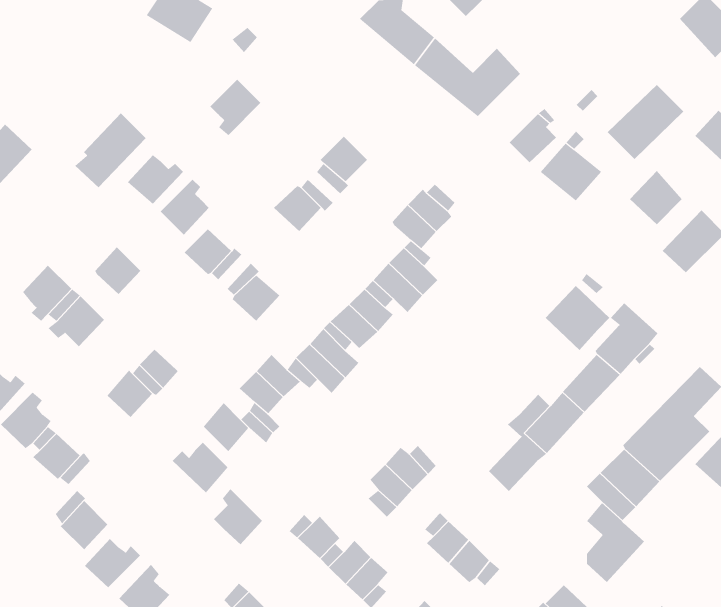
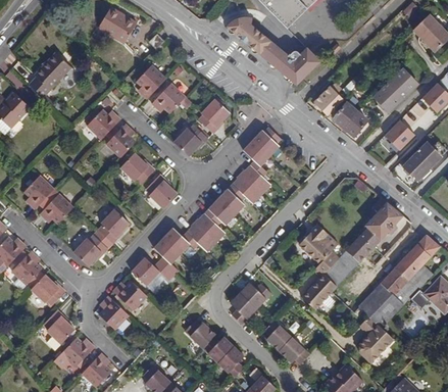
building: none -> [152,83,186,113]
building: [74,112,147,188] -> [29,51,71,96]
building: [95,247,141,295] -> [102,208,130,237]
building: [545,285,610,351] -> [299,225,338,263]
building: [213,488,263,545] -> [99,295,129,329]

